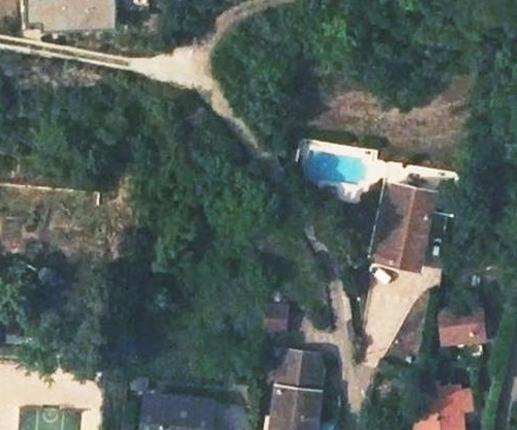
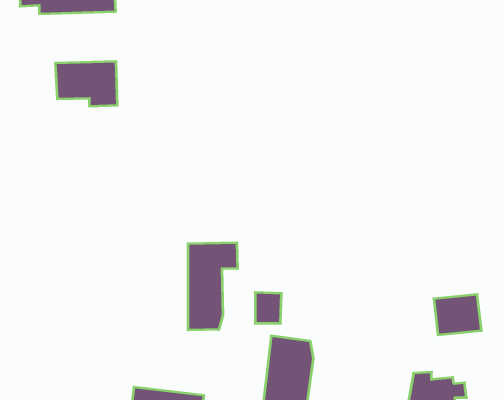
building: none -> [55,61,117,106]
building: [376,184,434,268] -> none
building: none -> [188,243,238,330]

